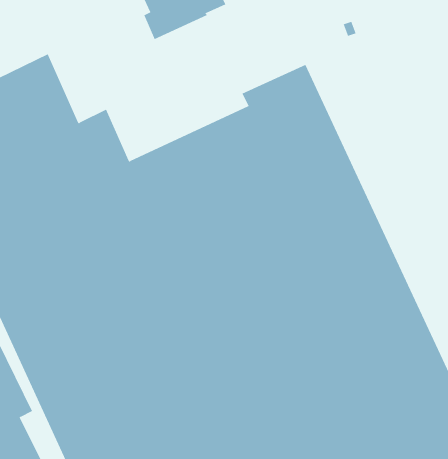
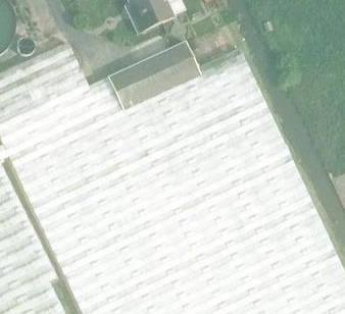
building: none -> [107,44,201,115]

